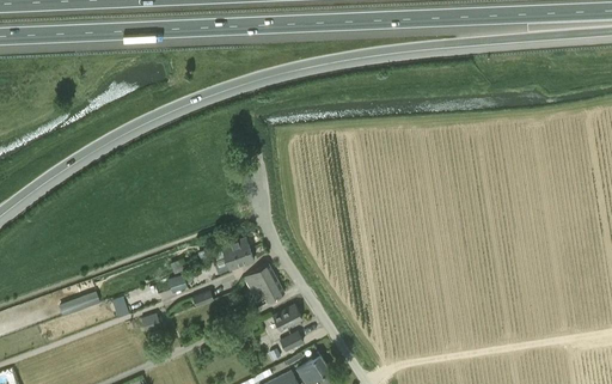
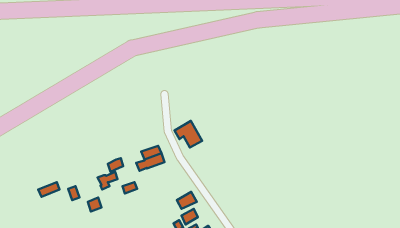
building: [245,261,286,300] -> [175,121,202,147]

